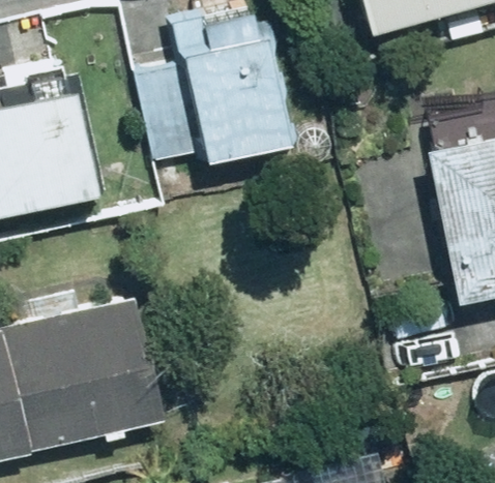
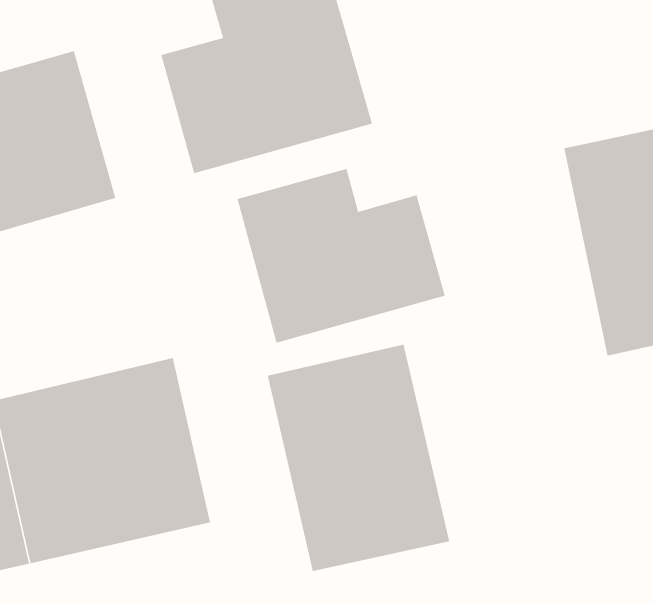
building: none -> [237,168,446,343]
building: none -> [267,344,450,572]

